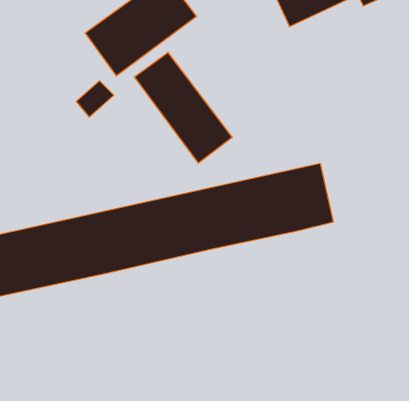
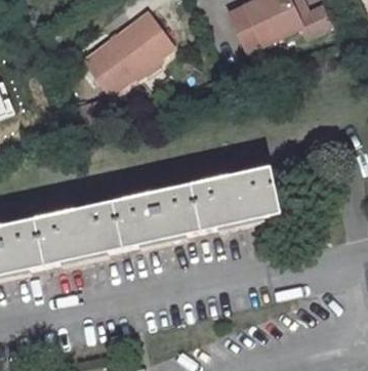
building: [134,52,232,163] -> none

